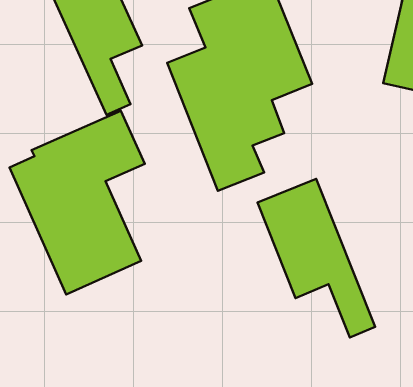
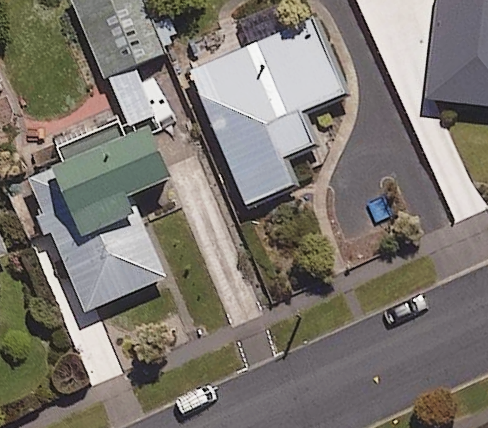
building: [257,179,375,337] -> none

